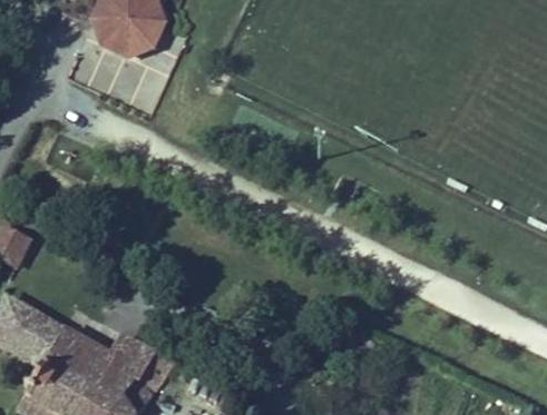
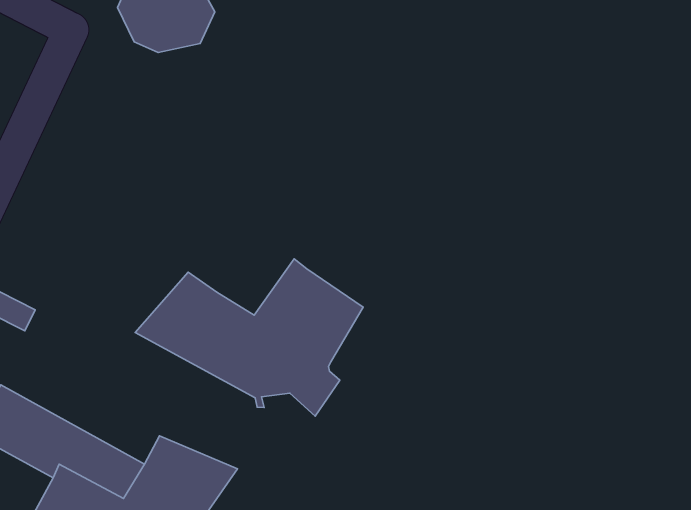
building: none -> [135,259,363,416]

